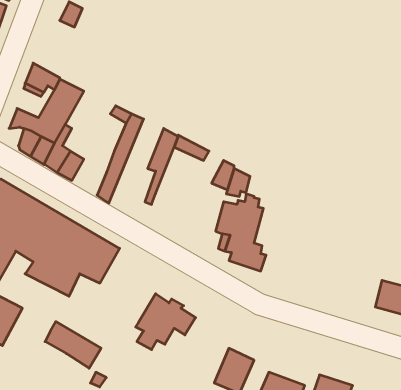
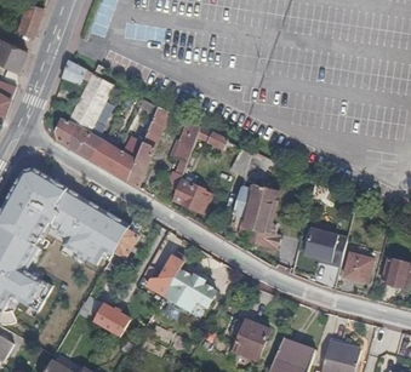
building: none -> [103,135,142,179]
building: none -> [172,178,206,208]
building: none -> [303,228,347,268]
building: none -> [147,251,187,296]
building: none -> [343,252,372,282]

